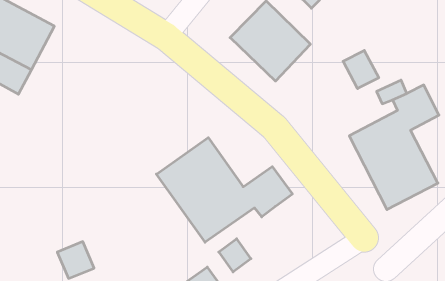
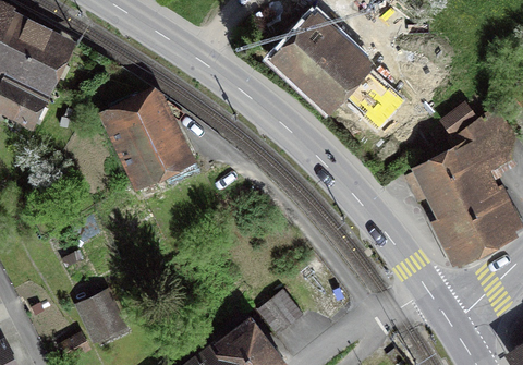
building: [343,50,379,89] -> none
building: none -> [101,88,186,181]
building: [156,138,292,242] -> none

